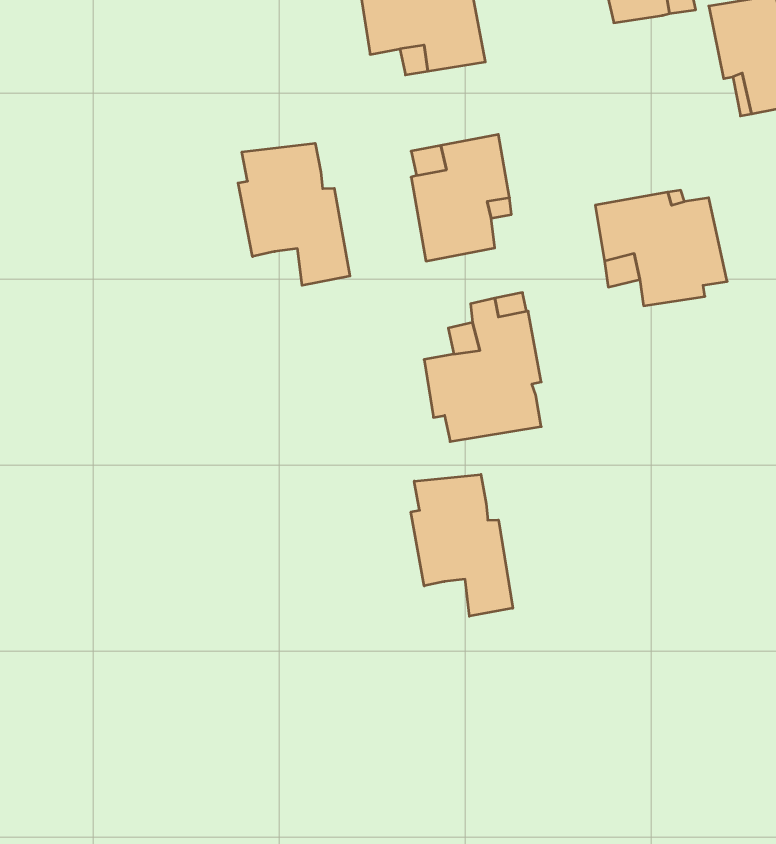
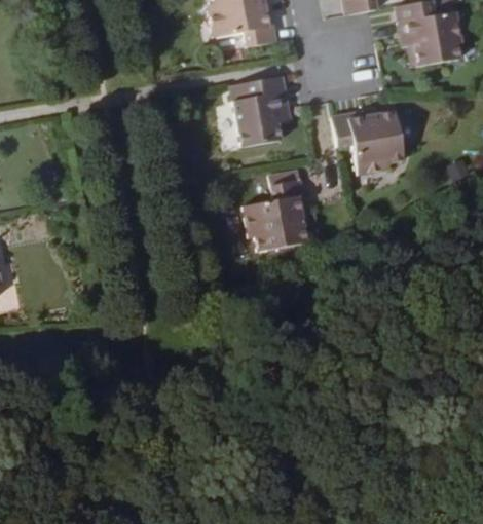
building: [238,143,350,285] -> none
building: [411,474,513,616] -> none

